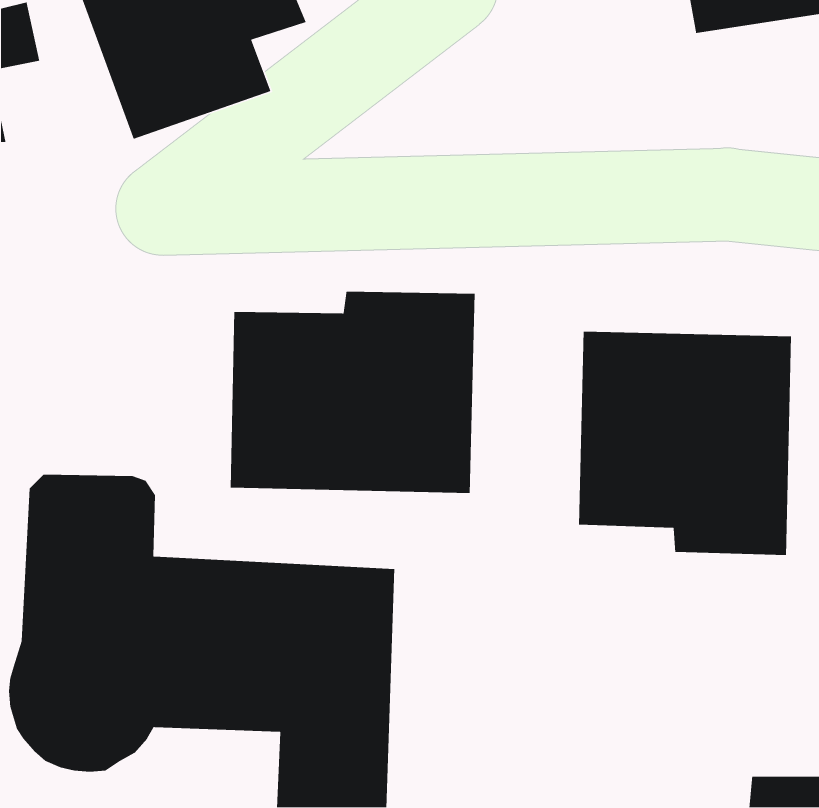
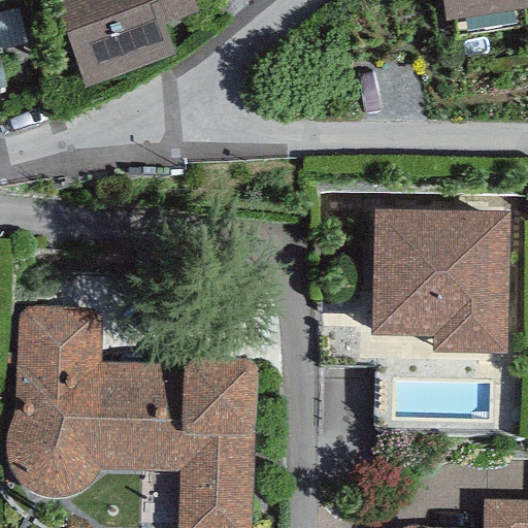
building: [230,291,475,494] -> none

